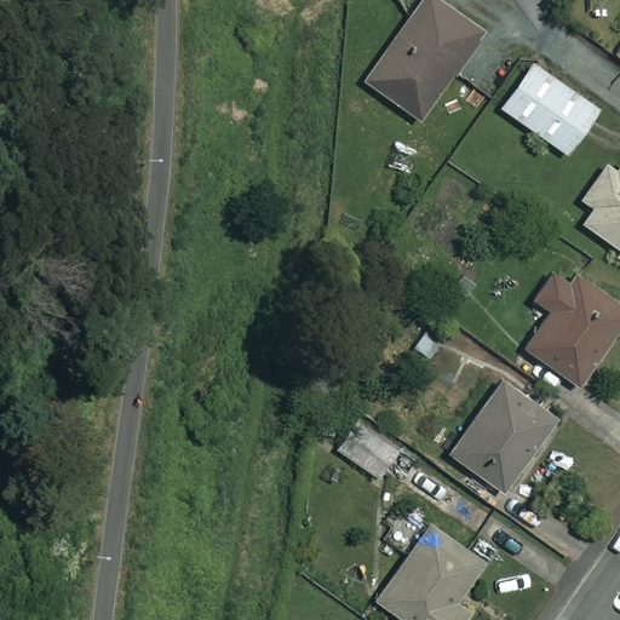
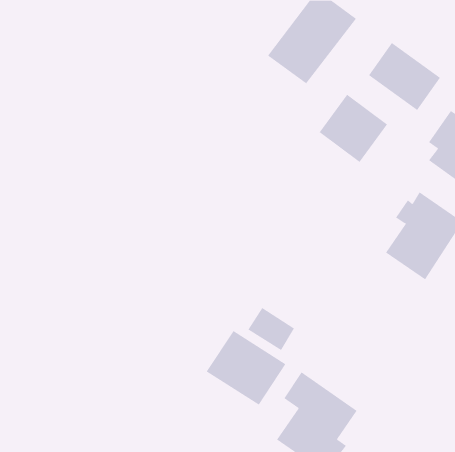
building: none -> [319,94,388,163]
building: [449,379,557,493] -> none
building: none -> [206,330,286,406]

